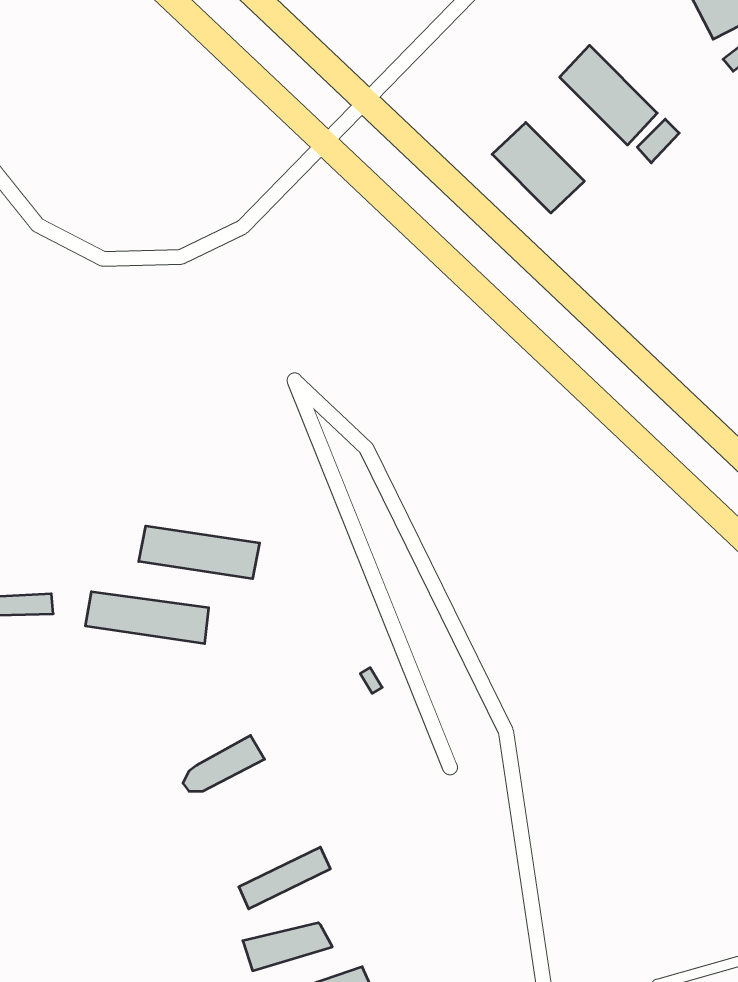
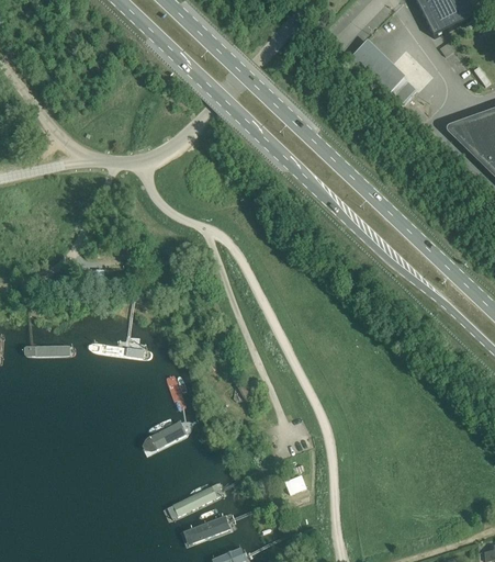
building: [492,122,584,213] -> none
building: [139,526,260,579] -> none

